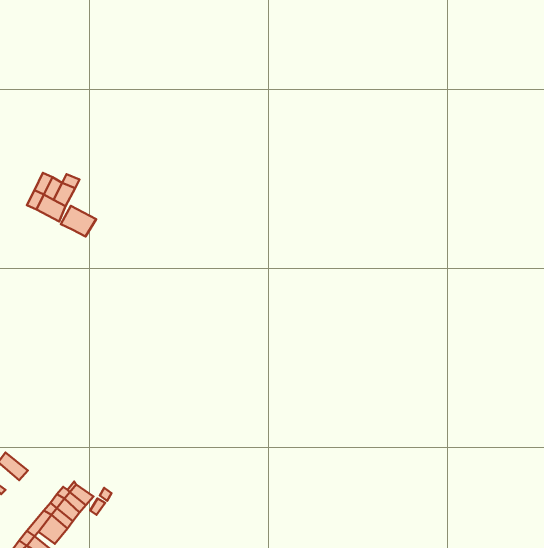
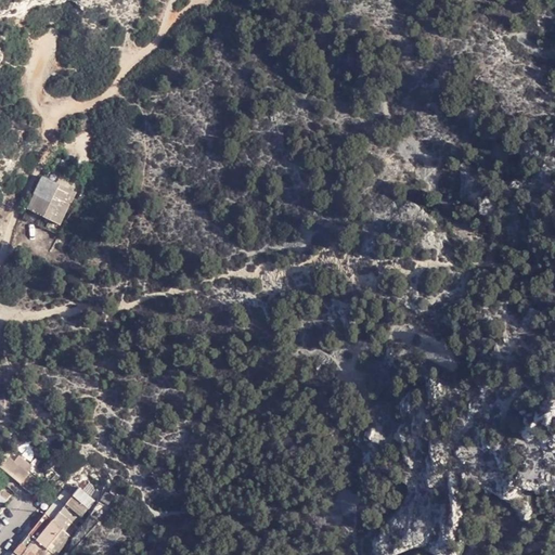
building: [61,206,96,236] -> none

